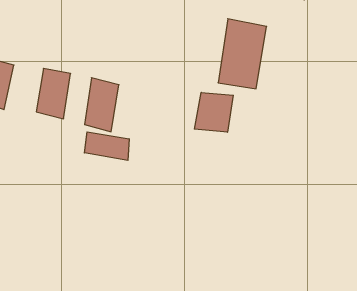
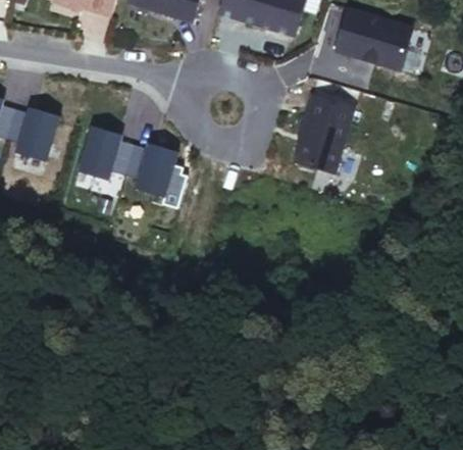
building: [194,92,233,132] -> none
building: [84,132,129,160] -> none

